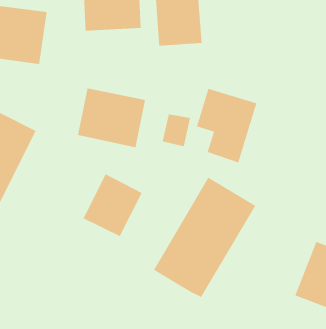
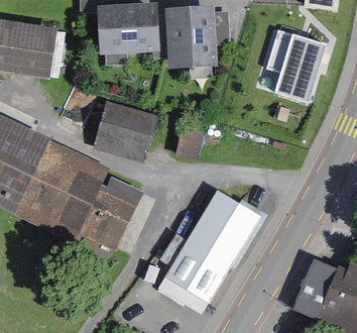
building: [196,88,257,163] -> [264,30,322,101]
building: none -> [29,149,112,244]

